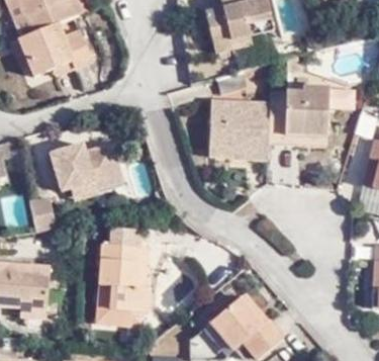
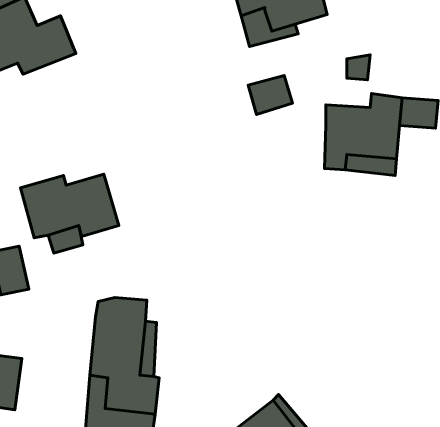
building: [205,102,273,160] -> none

